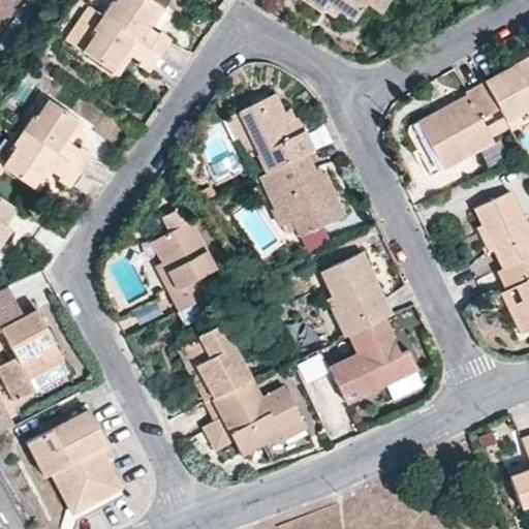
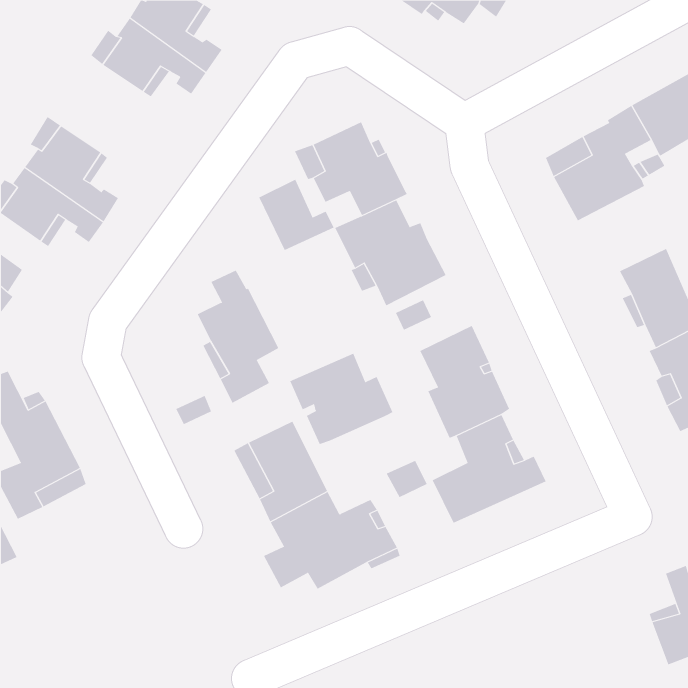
building: none -> [259,179,335,251]
building: none -> [290,353,393,445]
building: [26,410,120,506] -> none

